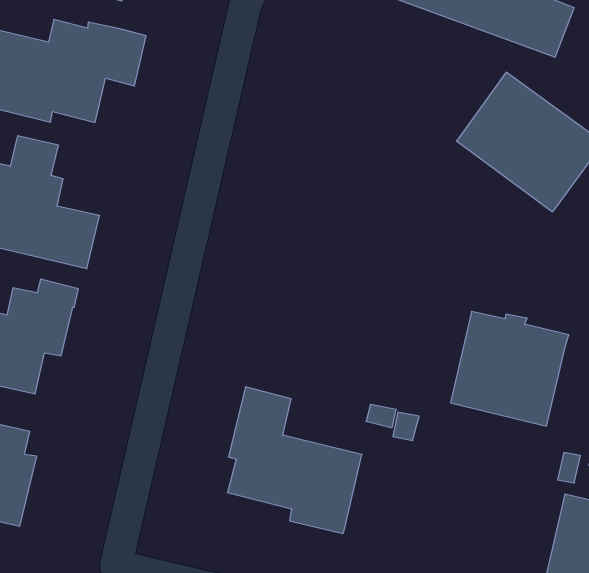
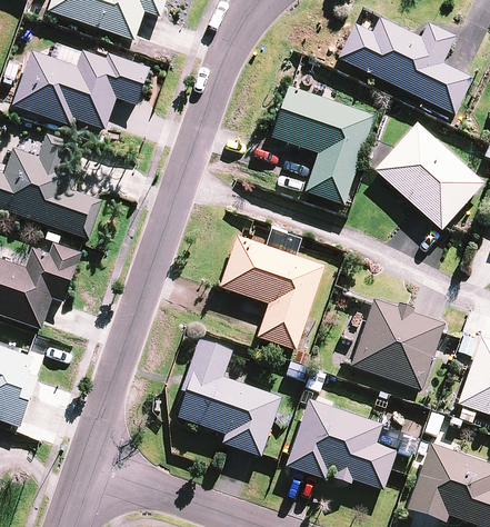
building: none -> [271,86,374,205]
building: none -> [219,236,323,349]
building: none -> [284,398,397,489]

